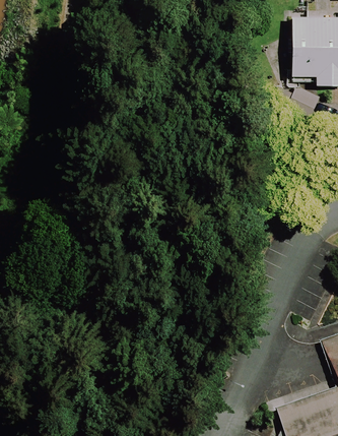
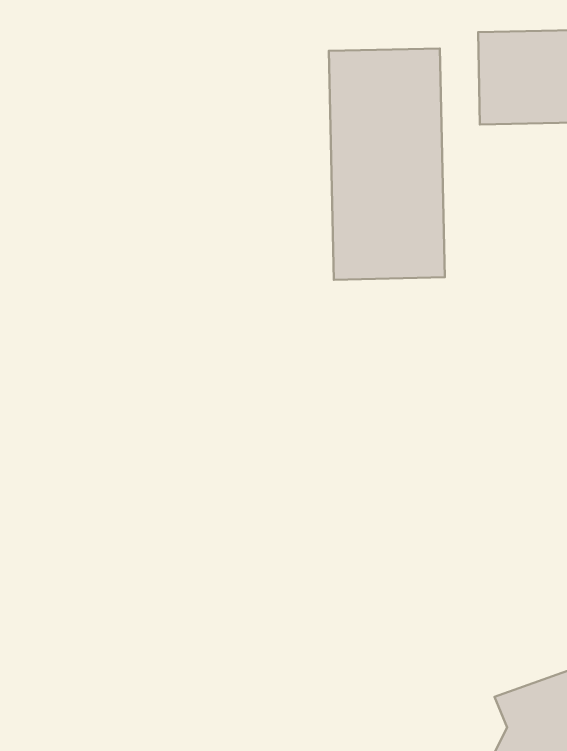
building: none -> [329,48,445,280]

